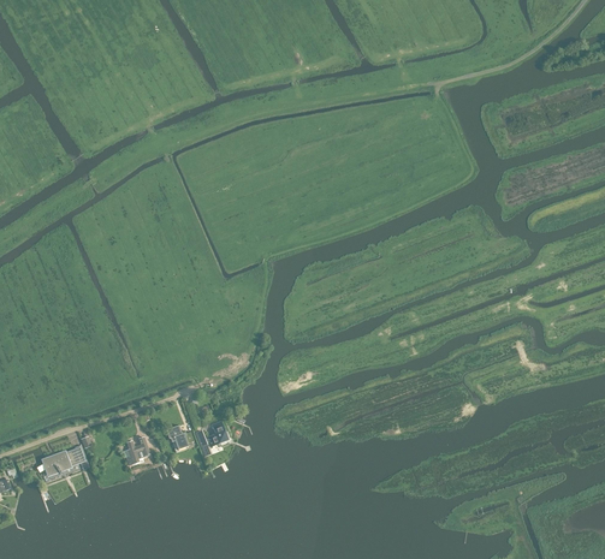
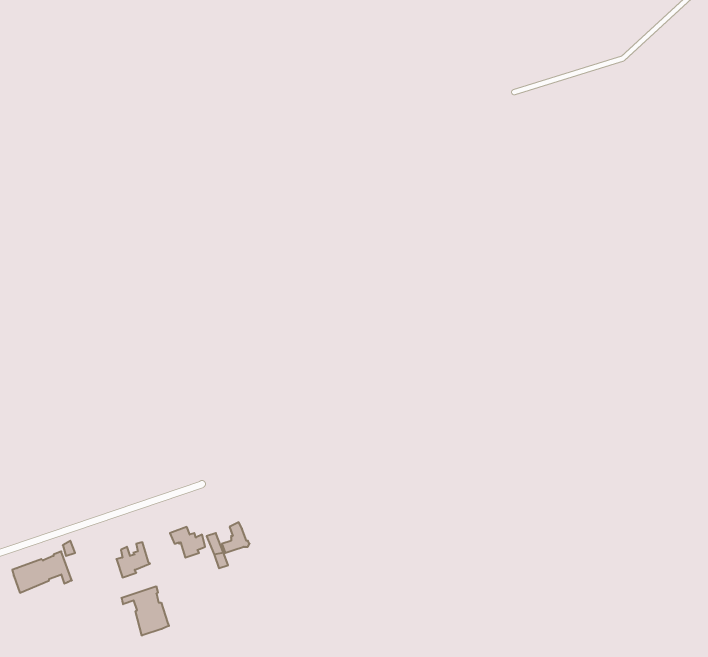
building: none -> [121,586,169,636]

